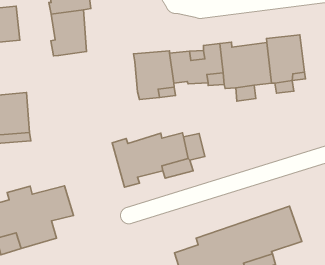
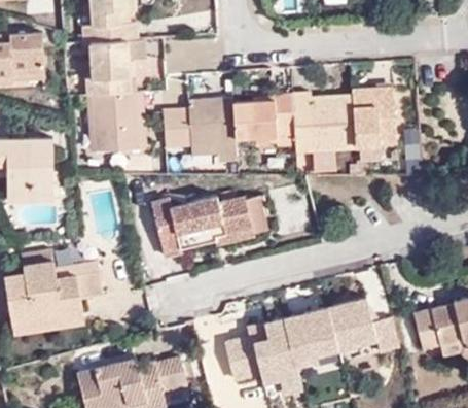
building: none -> [95,91,141,150]
building: none -> [161,108,189,146]

